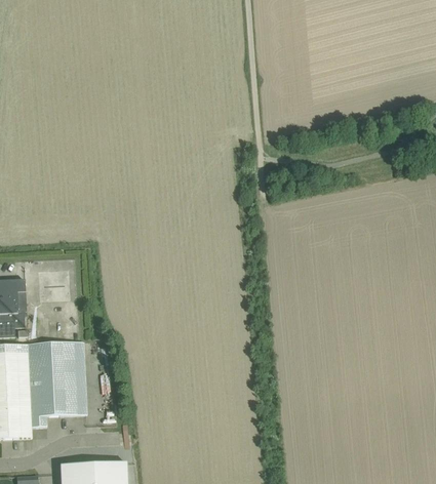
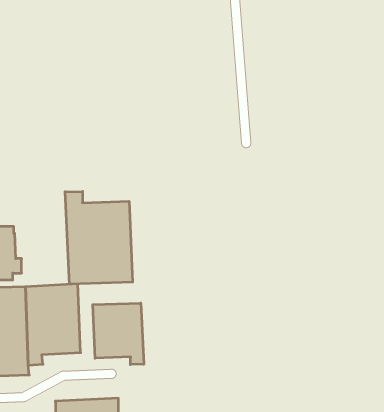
building: none -> [65,191,133,284]
building: none -> [93,303,144,365]

